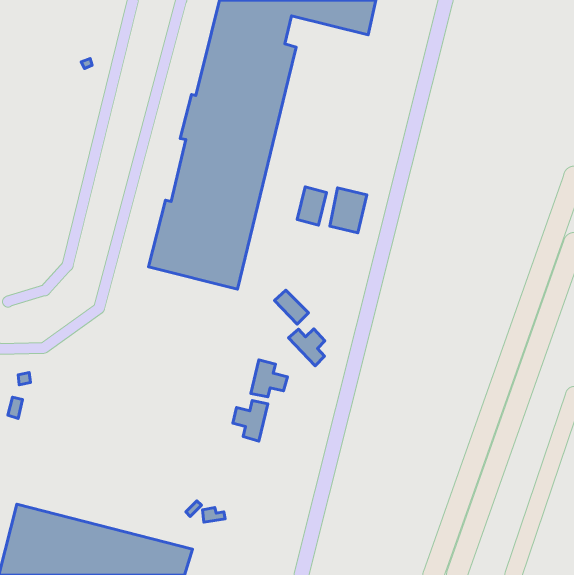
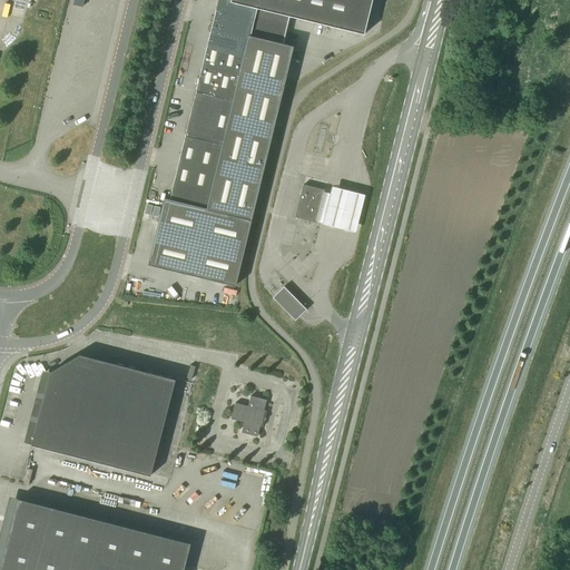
building: [288,329,325,366] -> none
building: none -> [31,354,175,475]
building: [251,360,288,397] -> none

